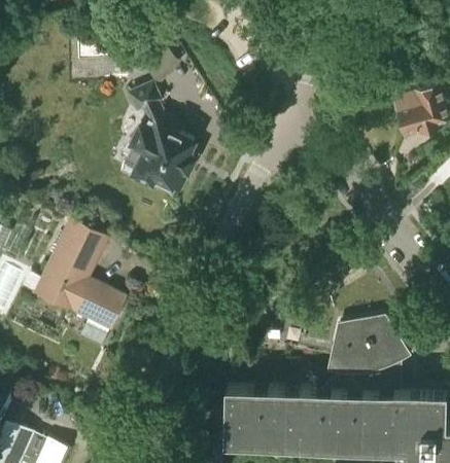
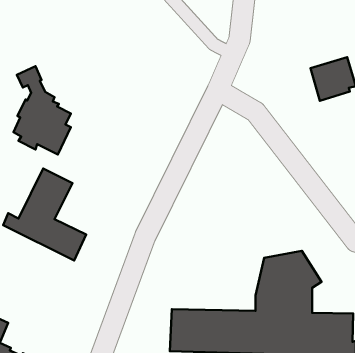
building: [125,86,194,192] -> [13,66,71,155]

